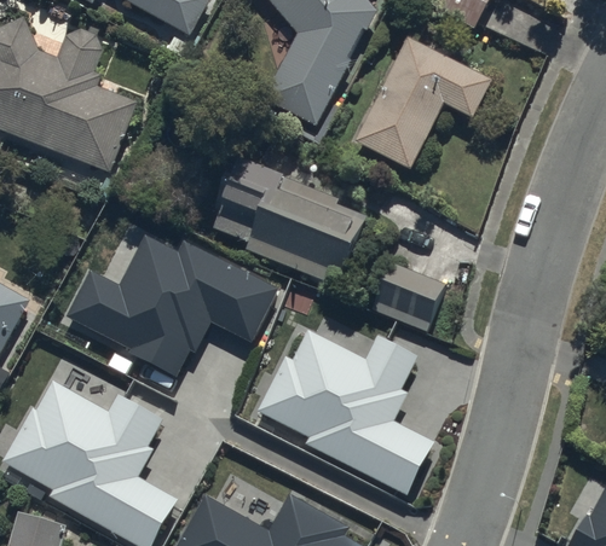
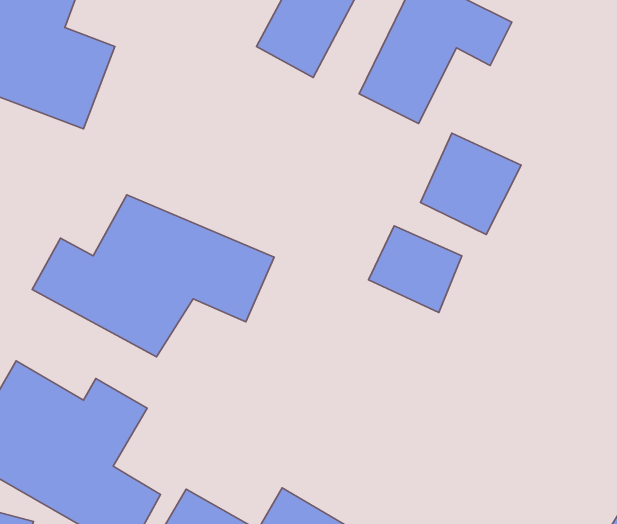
building: [208,159,370,286] -> none
building: none -> [421,133,521,234]
building: [253,325,437,494] -> none

